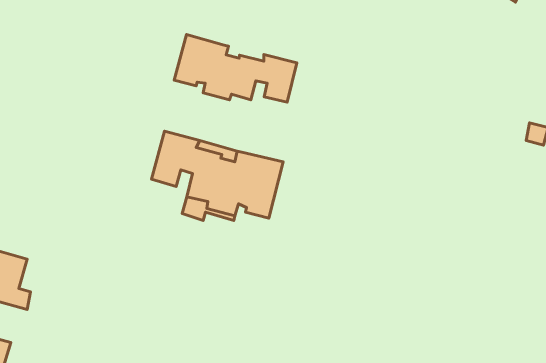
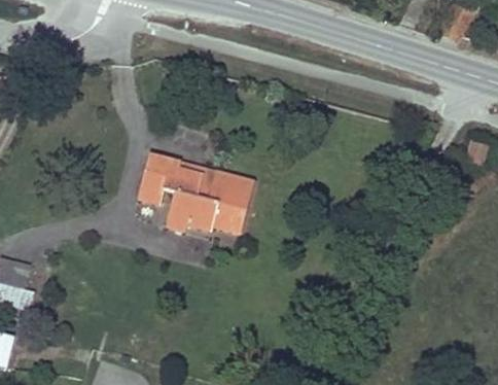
building: [174,34,297,102] -> none

